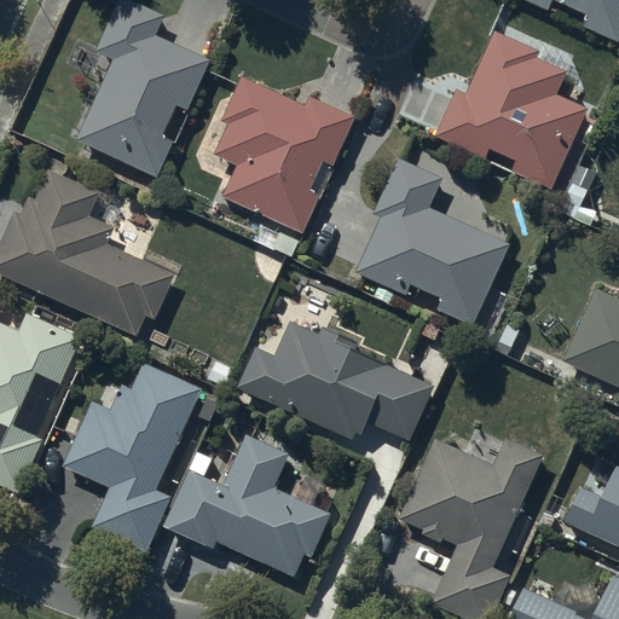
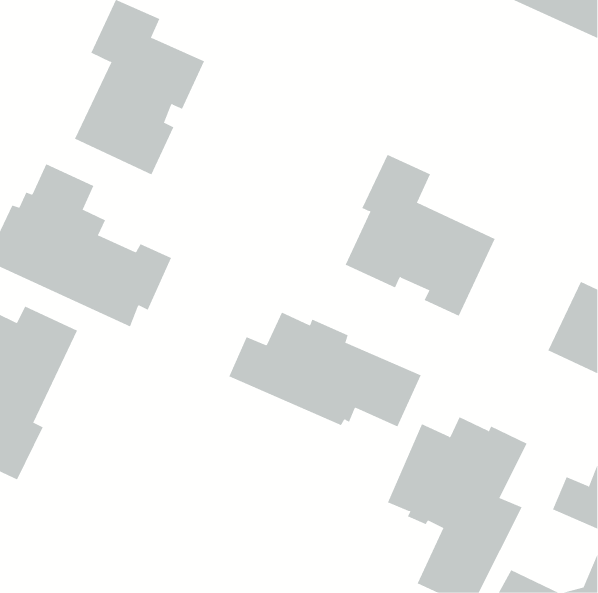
building: [434,24,601,207] -> none
building: [214,75,354,230] -> none
building: [63,363,202,550] -> none
building: [166,435,331,577] -> none

